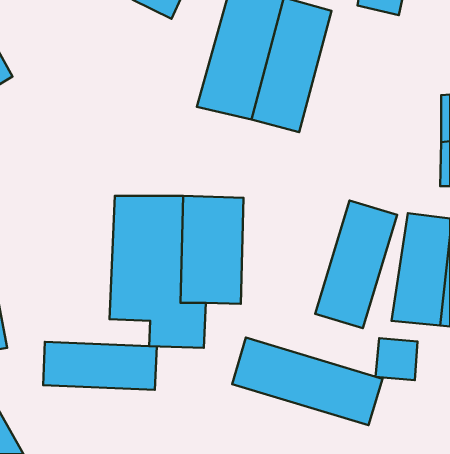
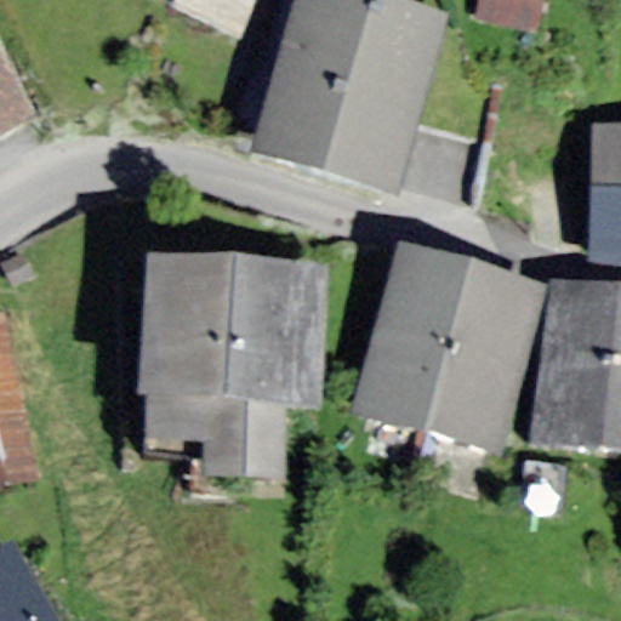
building: none -> [349,249,472,423]
building: [232,338,383,425] -> none
building: [43,342,157,390] -> none

